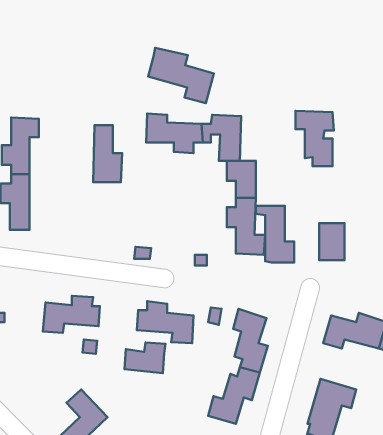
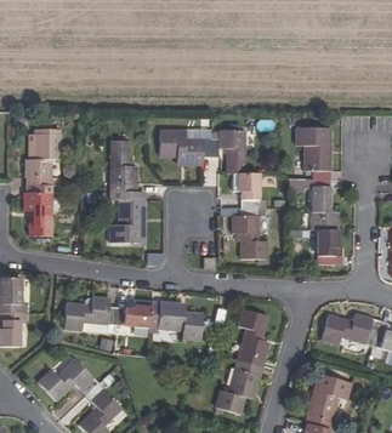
building: [148,48,214,103] -> none
building: none -> [109,192,146,243]
building: [256,206,294,263] -> [303,177,339,229]
building: [124,343,165,373] -> [115,300,153,327]
building: none -> [39,357,100,400]

